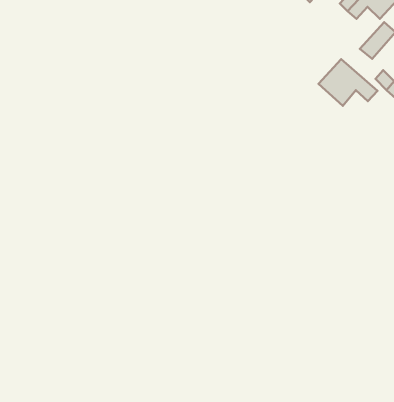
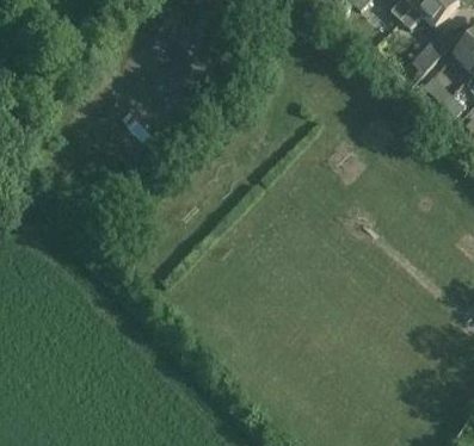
building: [319,59,377,106] -> none

